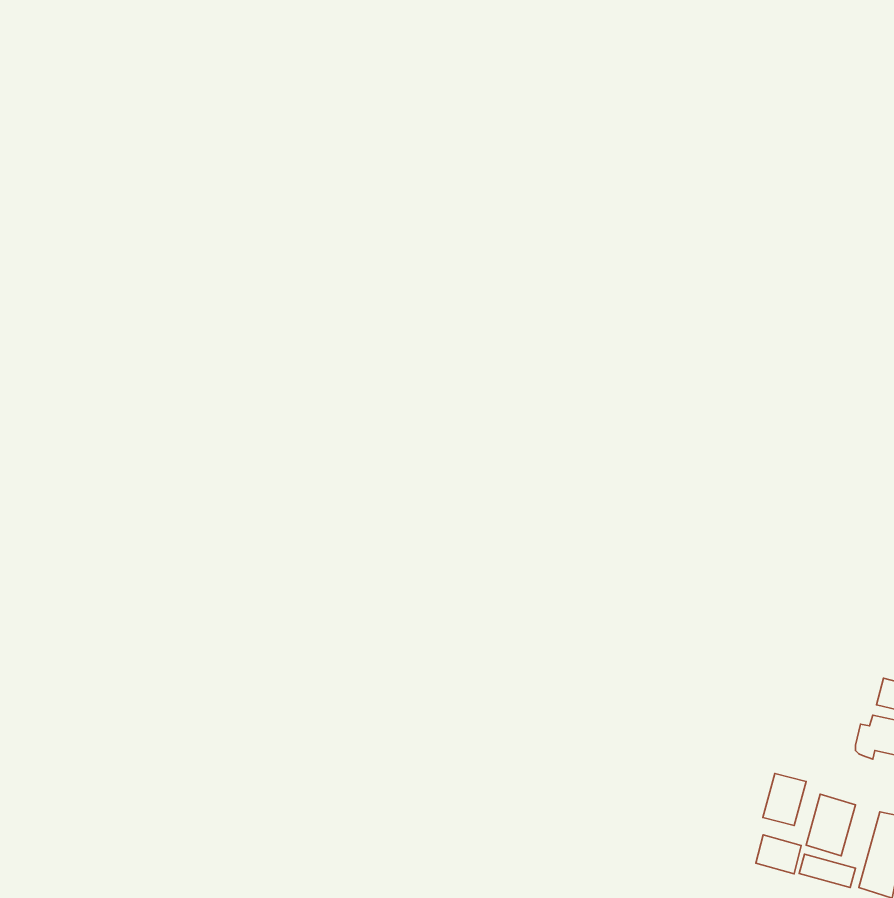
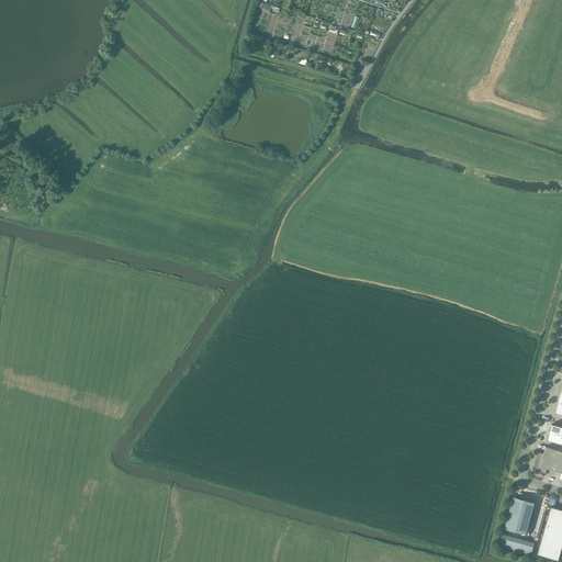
building: [763,774,806,825] -> none
building: [756,835,801,874] -> none

